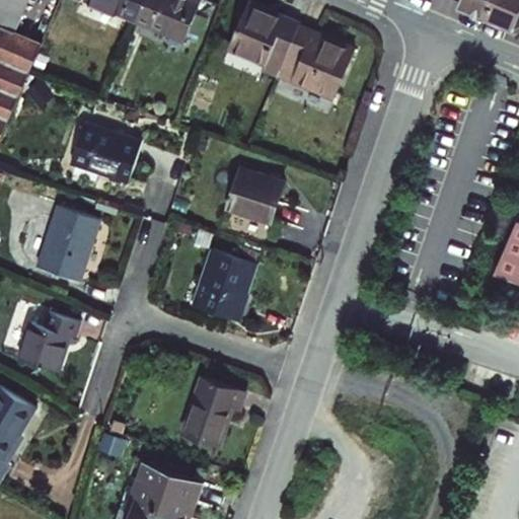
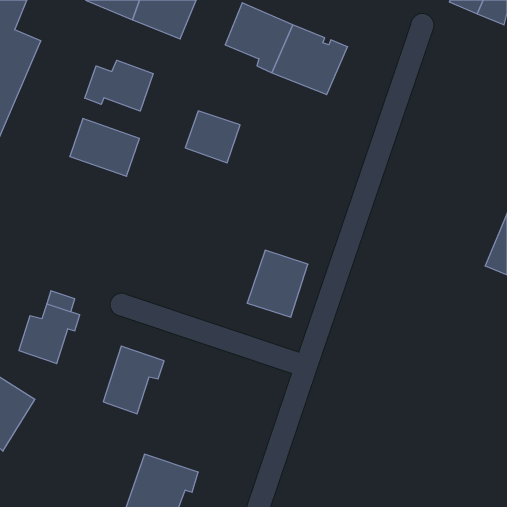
building: none -> [85,60,153,111]
building: [227,169,283,222] -> [185,111,240,163]
building: [36,206,100,281] -> none
building: [193,251,254,319] -> [247,250,308,317]
building: [183,377,245,446] -> [103,346,164,414]

